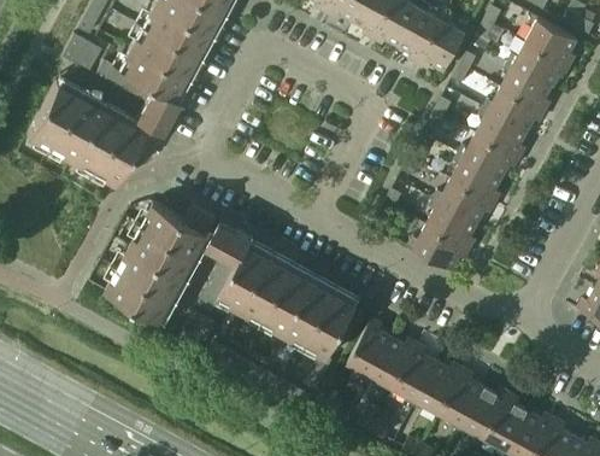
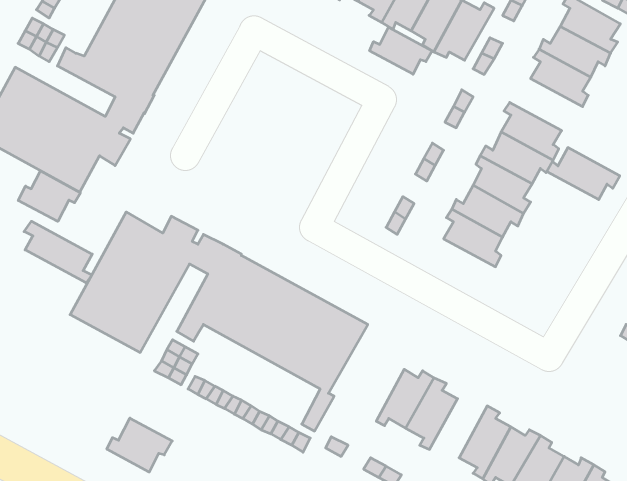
building: none -> [370,27,432,74]
building: [483,87,546,131] -> [547,148,620,200]
building: none -> [18,171,80,221]
building: none -> [24,221,92,283]
building: [408,224,471,269] -> none
building: [348,318,393,381] -> none
building: [414,362,464,413] -> none
building: none -> [107,418,172,472]

